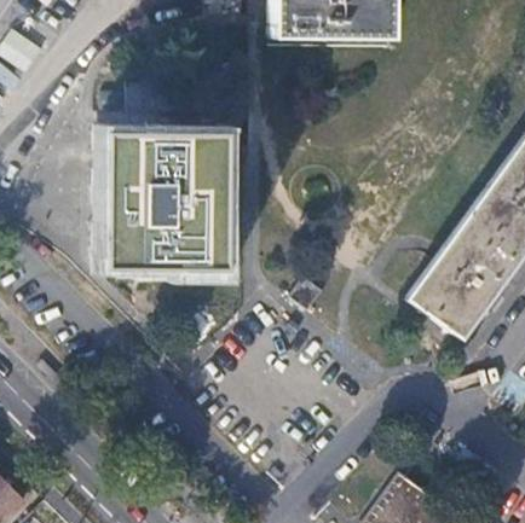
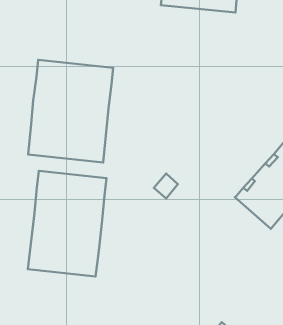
building: none -> [28,171,106,276]

